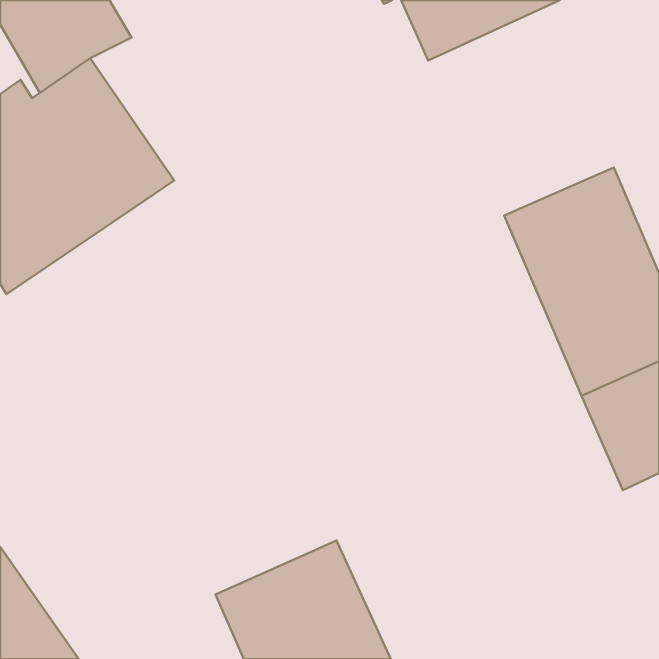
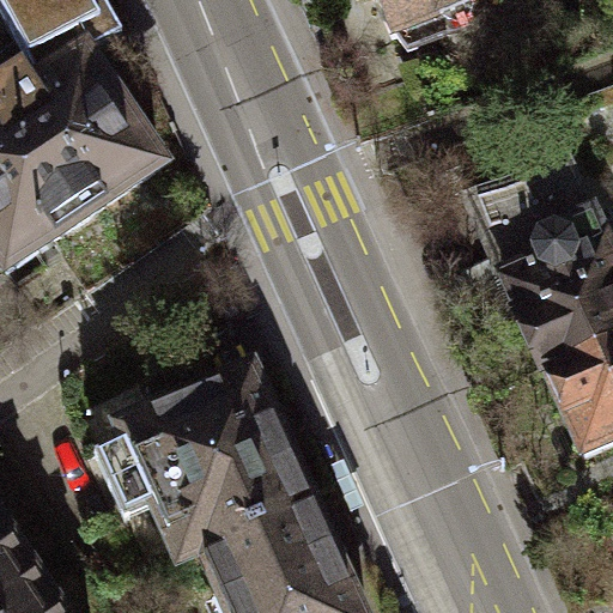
building: none -> [96,354,312,562]

